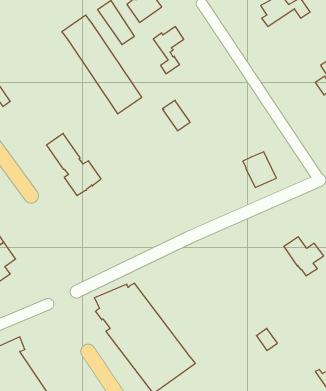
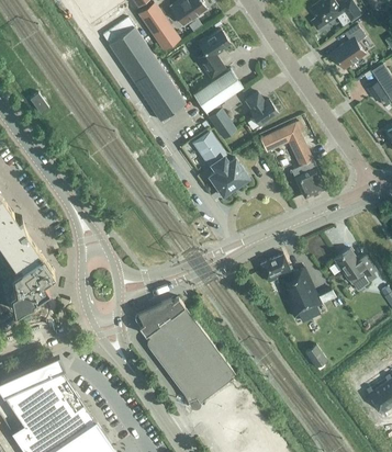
building: none -> [334,26,366,70]
building: none -> [192,70,243,114]
building: none -> [245,94,278,127]
building: none -> [260,124,313,168]
building: [46,133,101,196] -> [191,132,248,196]
building: none -> [260,256,321,319]

